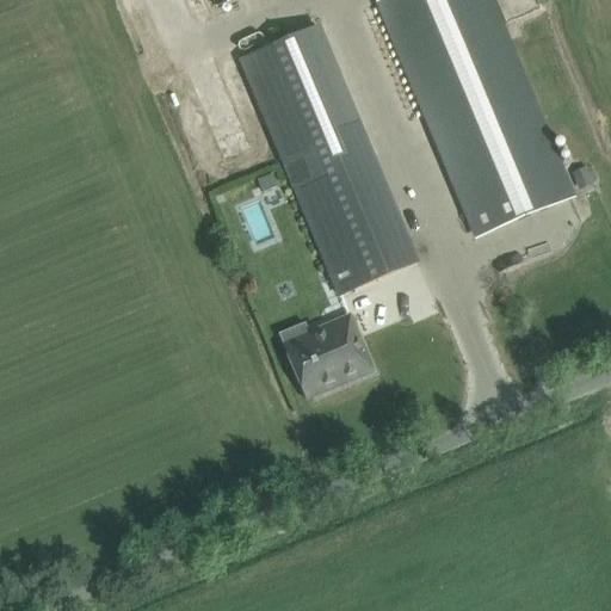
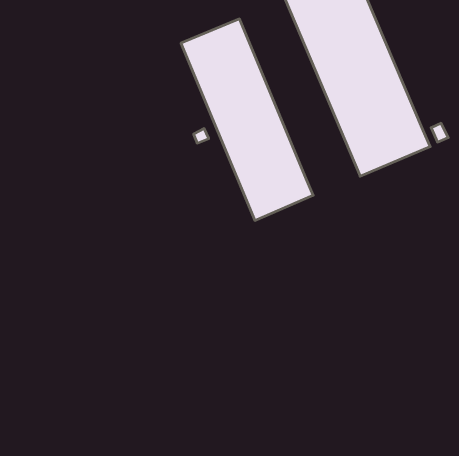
building: [285,314,371,393] -> none

